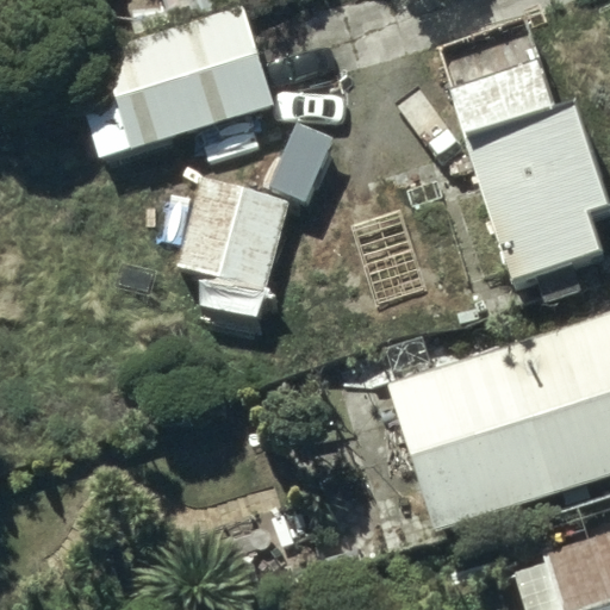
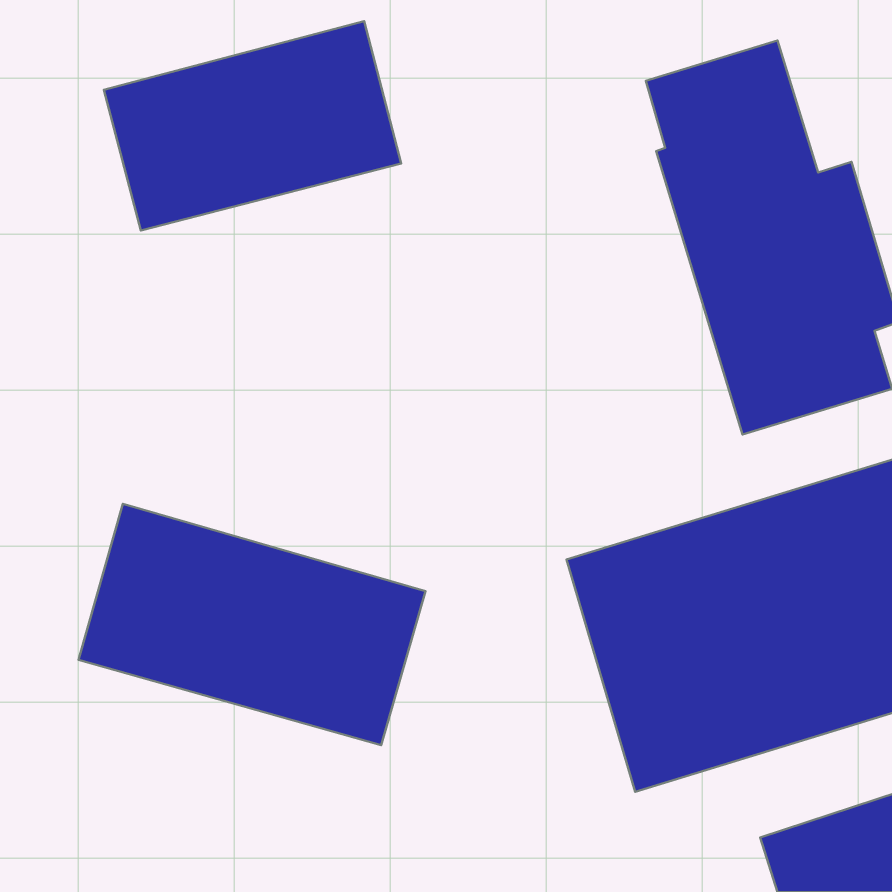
building: [179,179,290,291] -> none
building: none -> [79,504,426,745]

